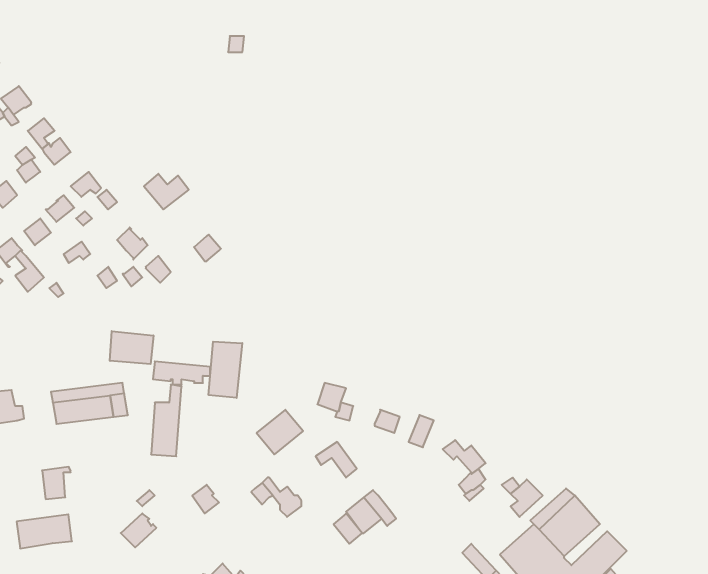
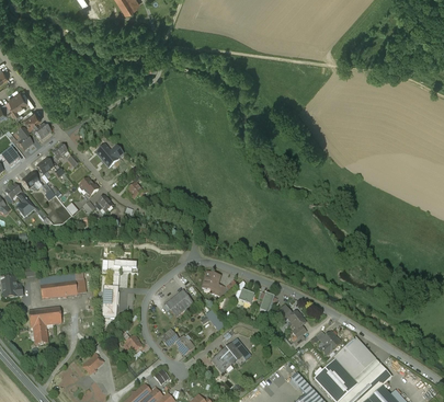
building: [110,331,153,364] -> none
building: [209,342,242,398] -> none
building: [17,514,72,548] -> [27,308,61,329]

